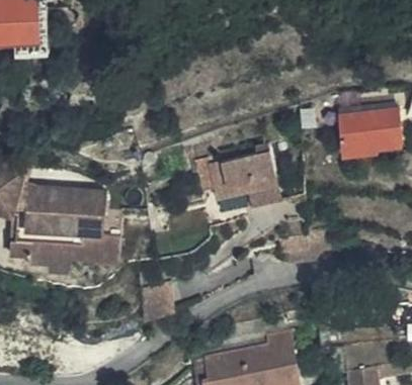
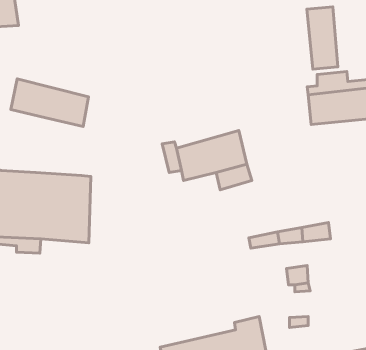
building: none -> [307,7,338,69]
building: none -> [11,79,89,126]

